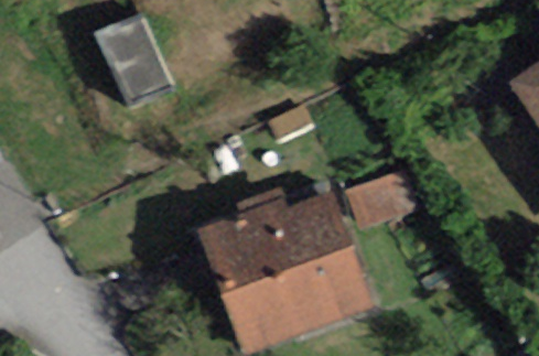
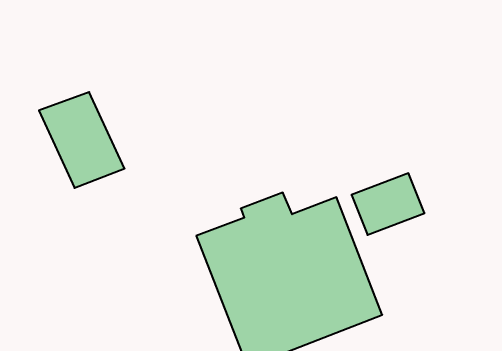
building: [95,17,177,109] -> [39,92,125,188]

